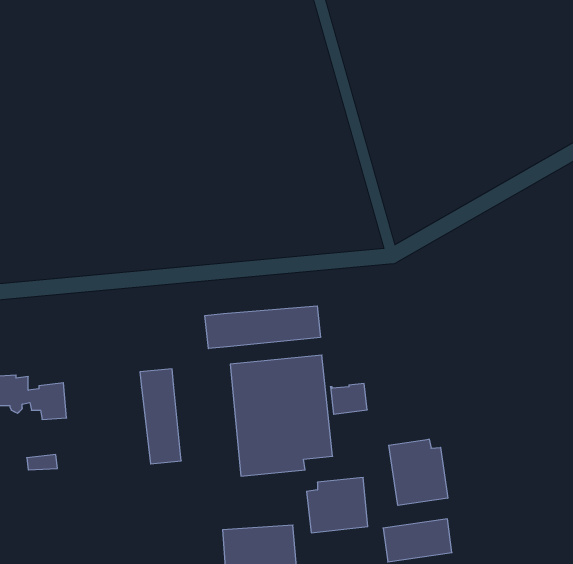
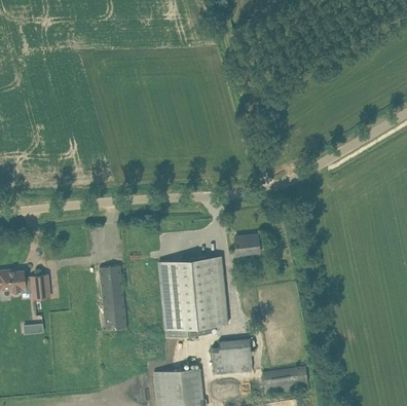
building: [205,306,320,349] -> none
building: [330,384,367,414] -> [234,234,259,255]
building: [389,439,448,505] -> none

